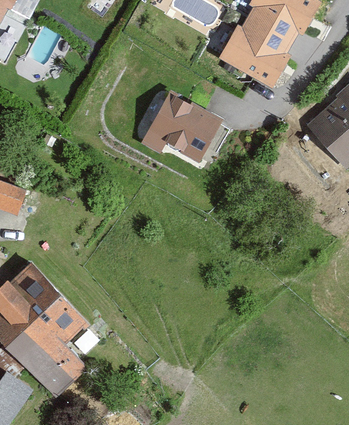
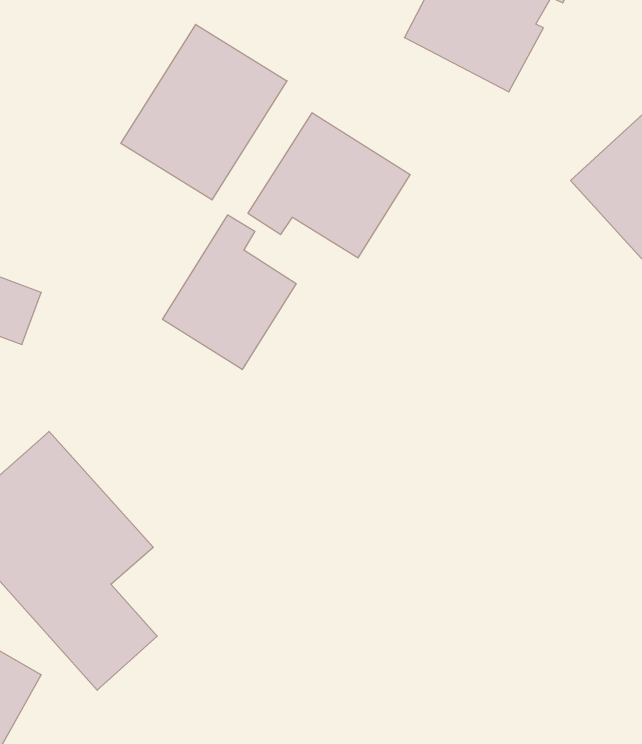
building: none -> [121,24,287,200]
building: none -> [163,215,296,370]

